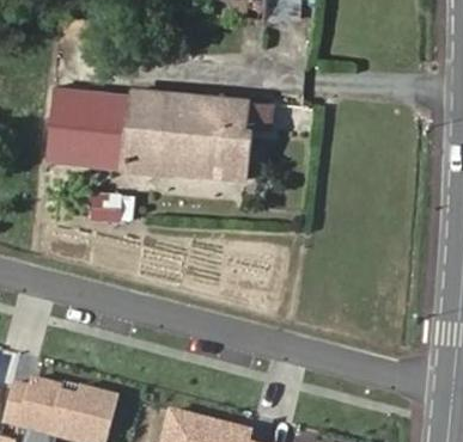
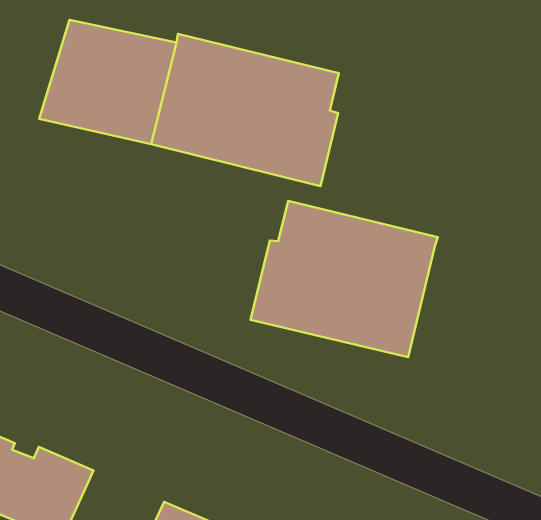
building: none -> [250,201,438,357]

